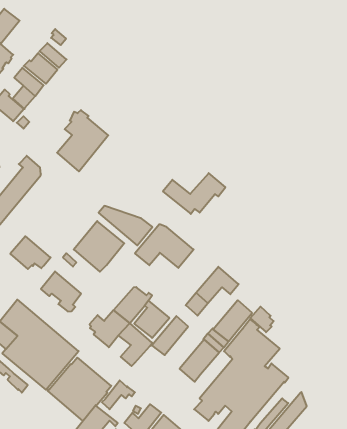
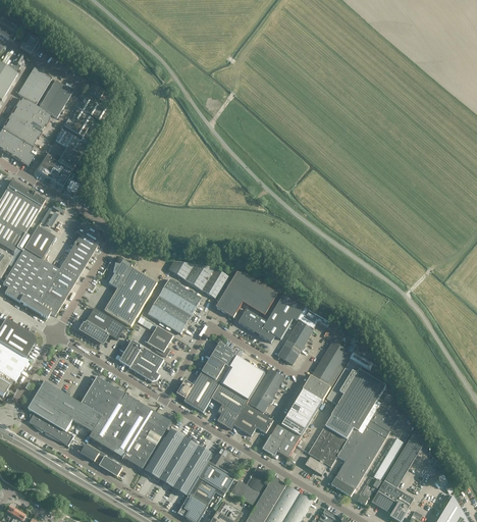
building: none -> [39,81,72,117]
building: [57,110,108,171] -> [104,260,156,326]
building: [163,173,225,214] -> [236,296,303,343]
building: none -> [147,326,173,357]
building: none -> [232,405,272,436]
building: none -> [262,423,300,458]

